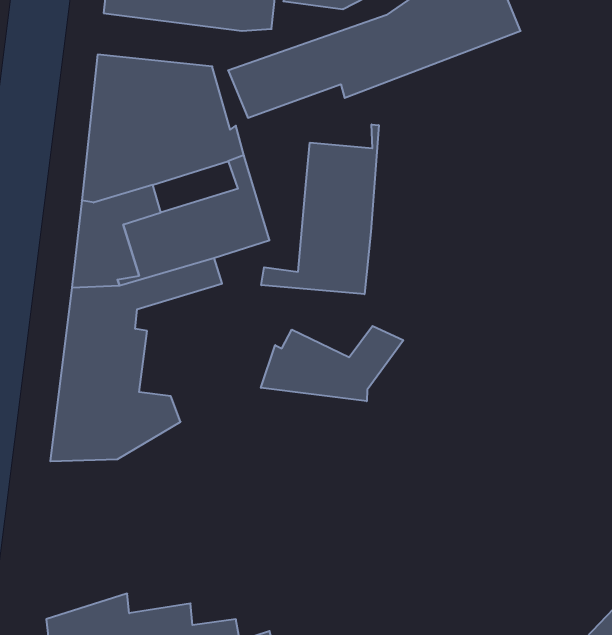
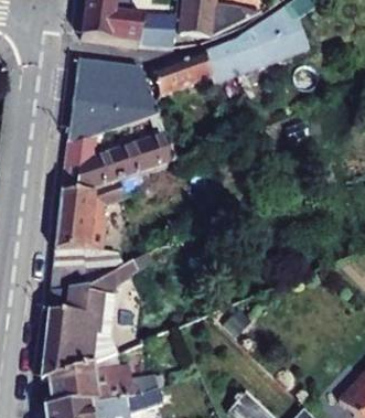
building: [261,124,379,294] -> none
building: [261,326,403,401] -> none
building: none -> [41,259,138,378]

